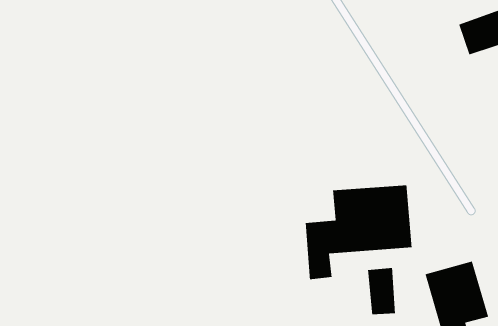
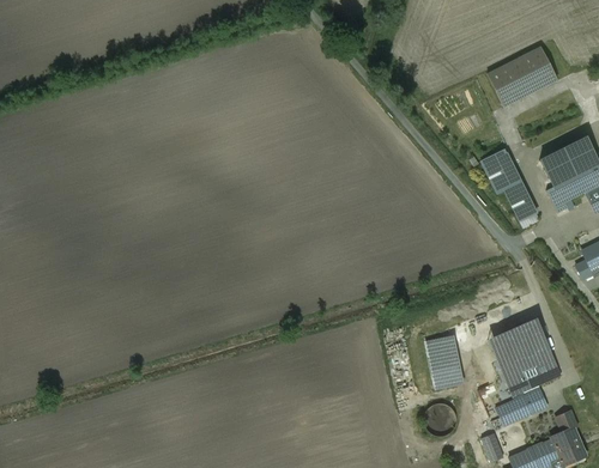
building: none -> [482,148,540,227]
building: [305,185,413,280] -> none

